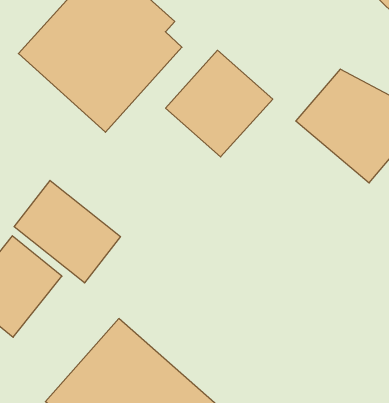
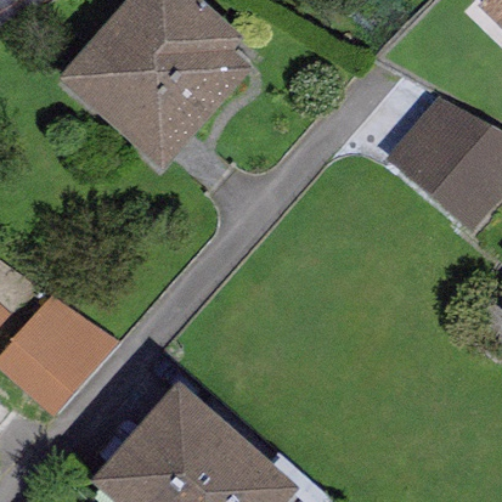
building: [166,50,273,157] -> none
building: [14,180,120,283] -> none

